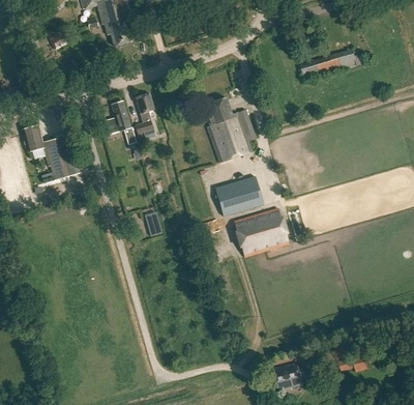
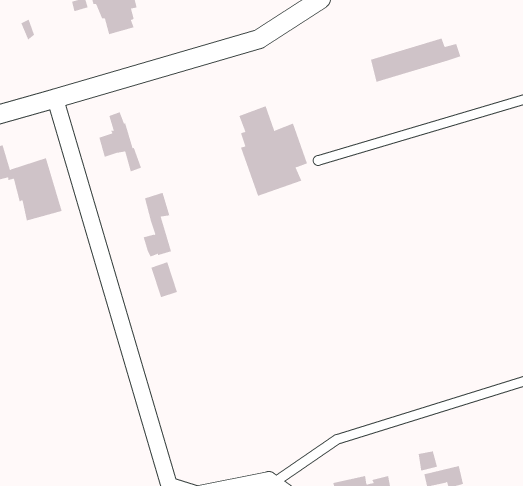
building: [135,92,155,139] -> [143,192,172,257]
building: [215,176,263,215] -> none
building: [234,207,288,256] -> none

